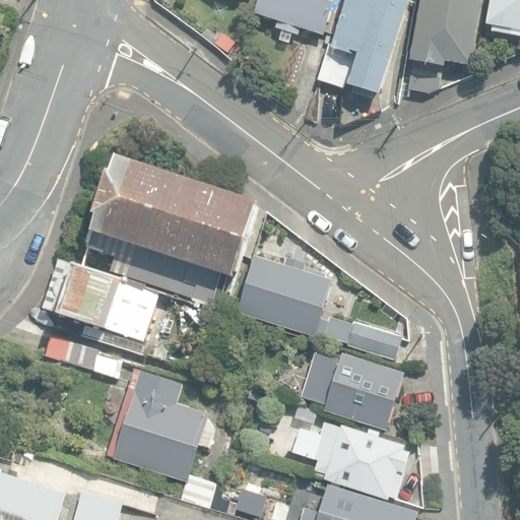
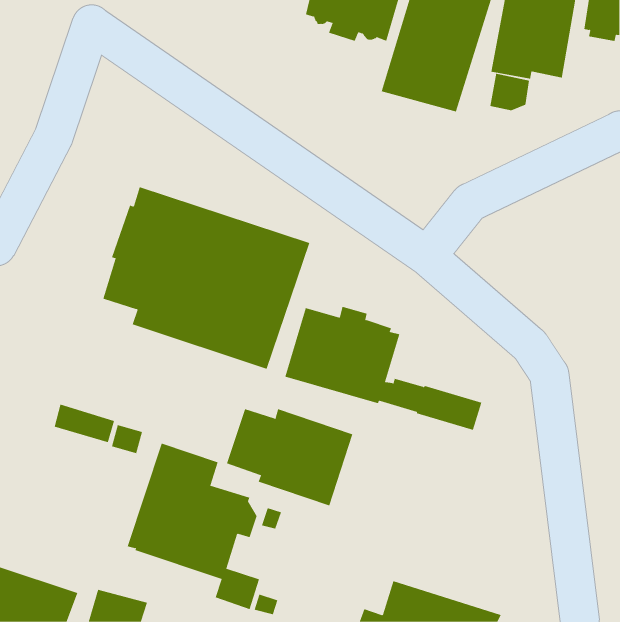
building: [43,257,174,354] -> none
building: [297,350,402,432] -> [226,409,353,506]
building: [290,421,408,499] -> none

